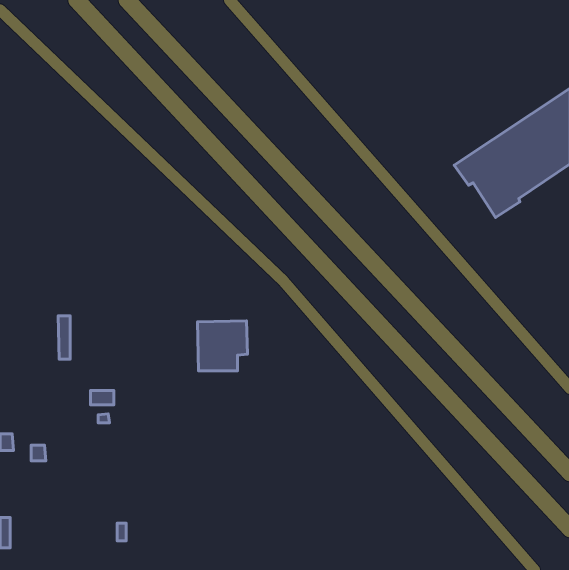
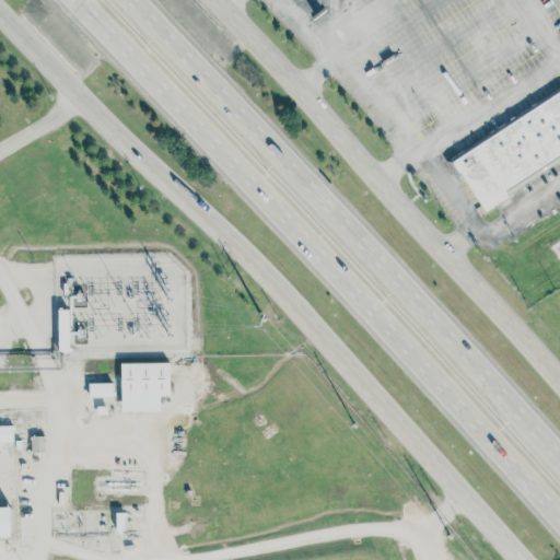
building: [197,321,248,371] -> [121,362,171,411]

